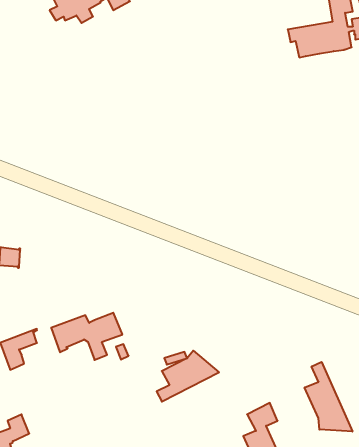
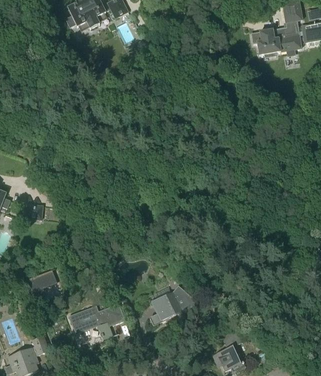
building: [51,313,122,360] -> [69,304,125,341]
building: [305,362,352,432] -> none

